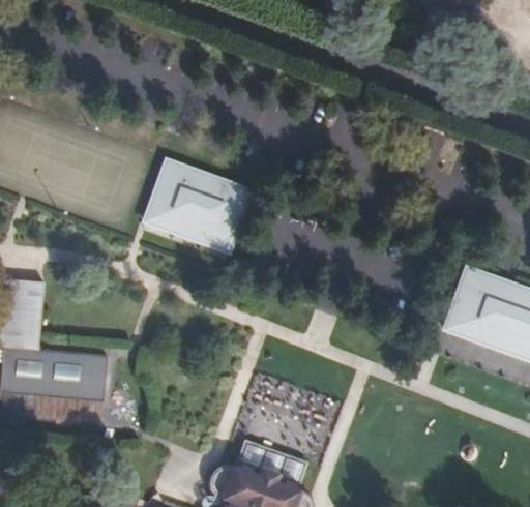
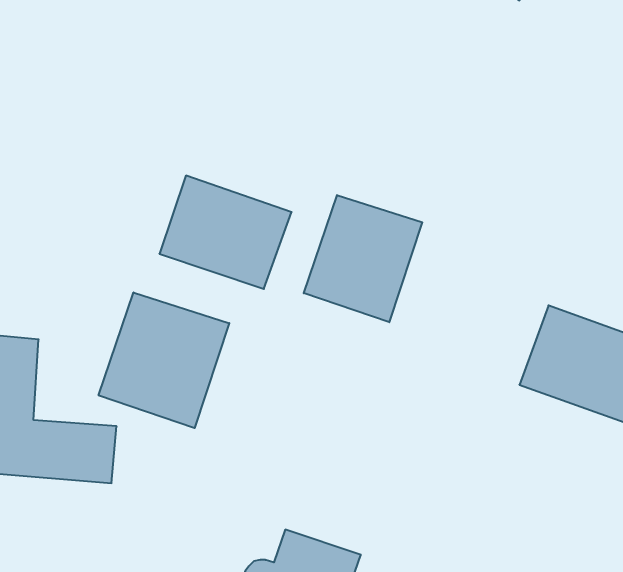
building: none -> [304,195,422,322]
building: none -> [99,292,229,428]

